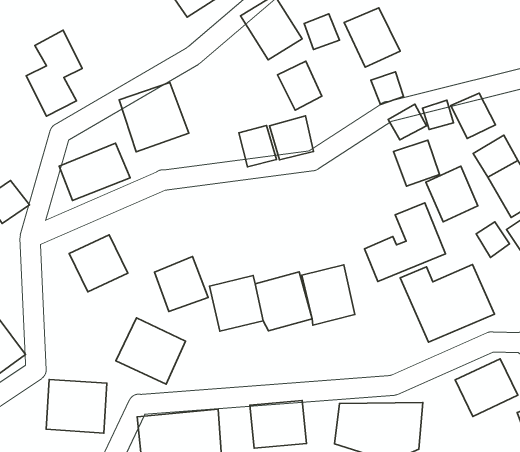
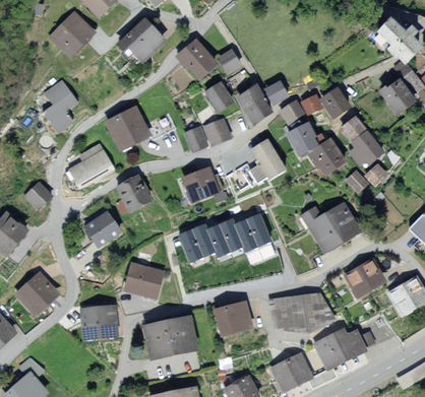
building: [344,8,400,67] -> [235,85,274,125]
building: none -> [181,166,221,204]
building: [365,203,445,282] -> [232,137,285,192]
building: [155,256,208,311] -> [116,175,153,212]

